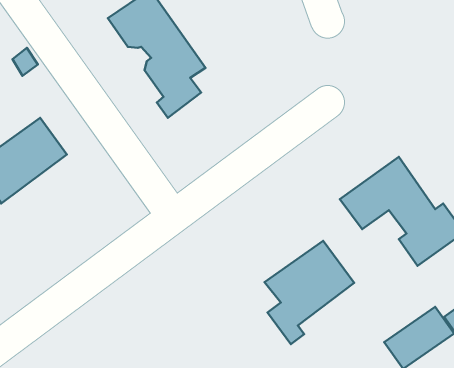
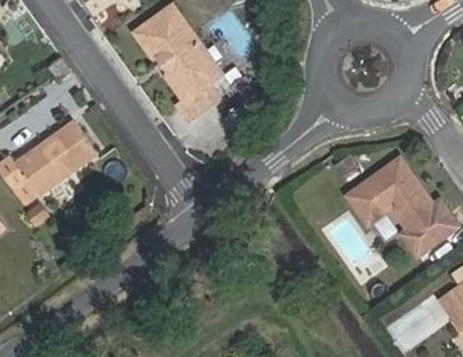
building: [265,241,354,344] -> none

